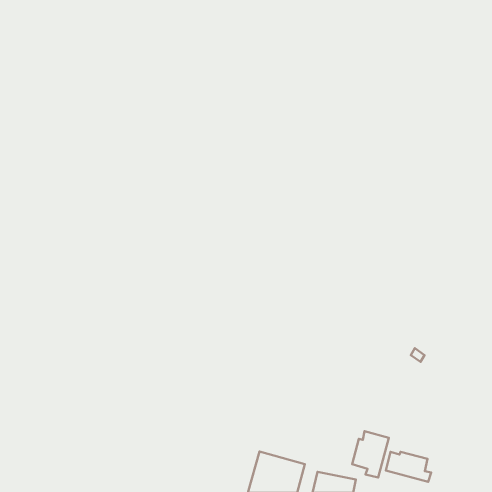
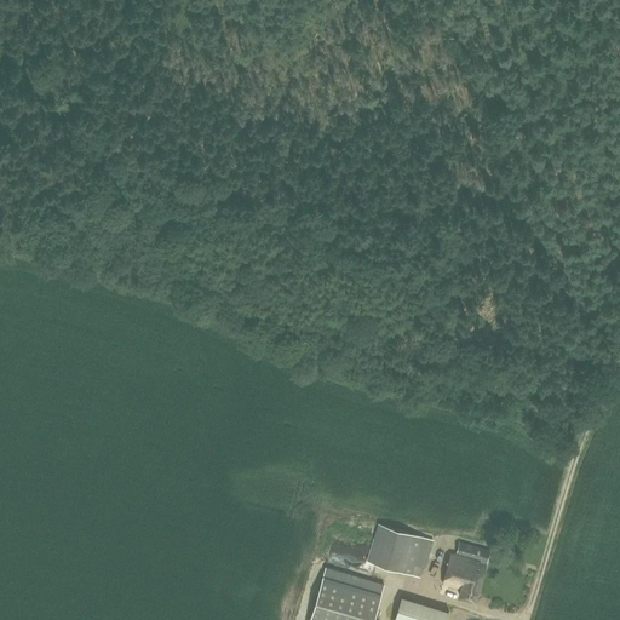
building: none -> [367,524,430,576]
building: [386,452,431,482] -> none

